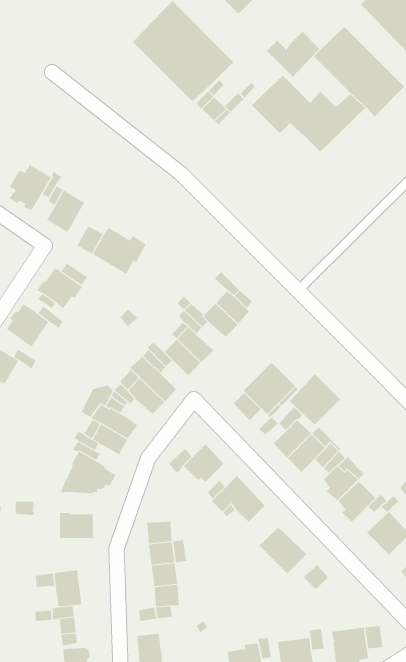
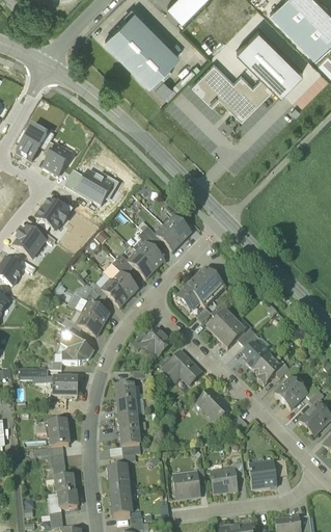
building: [266,31,320,78] -> none
building: [289,373,341,425] -> none

